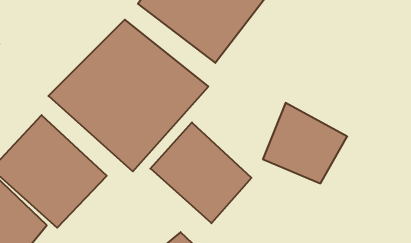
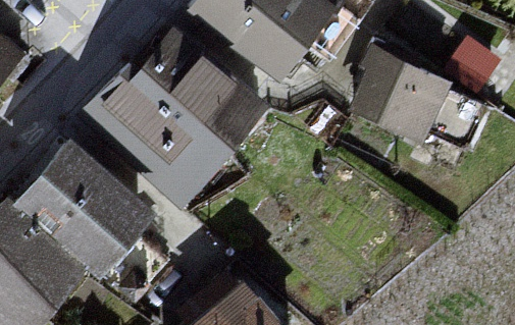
building: [263,103,347,183] -> [353,48,452,143]
building: [150,122,251,223] -> none

